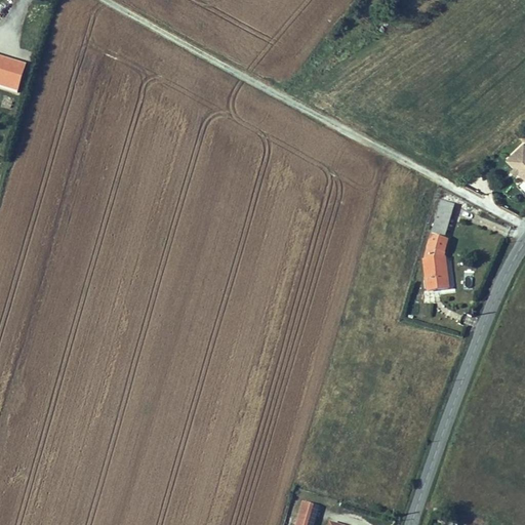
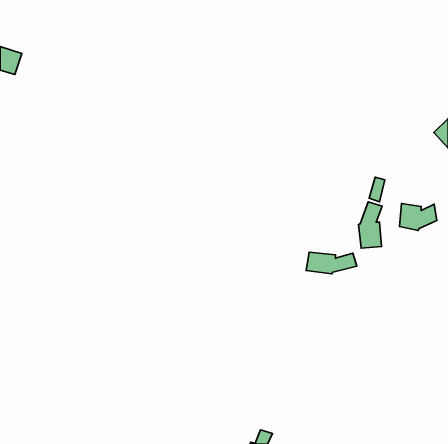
building: none -> [399,203,437,230]
building: none -> [306,252,357,274]

